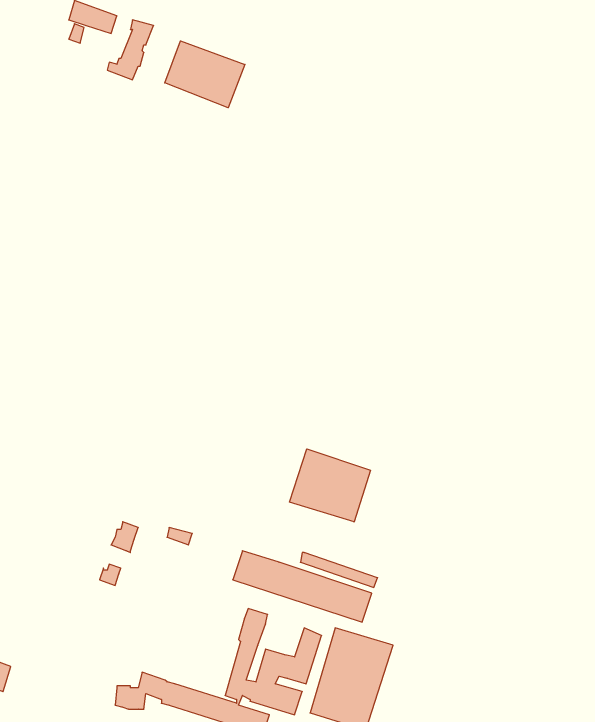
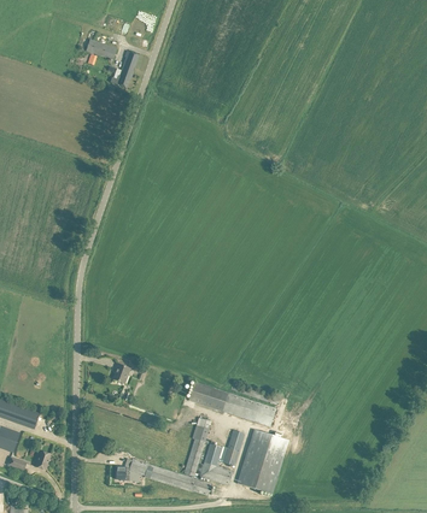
building: [165,41,245,108] -> none
building: [289,449,371,522] -> none

